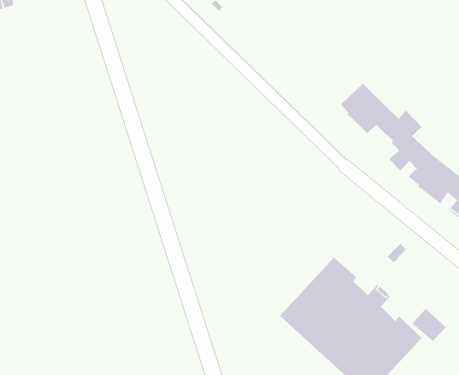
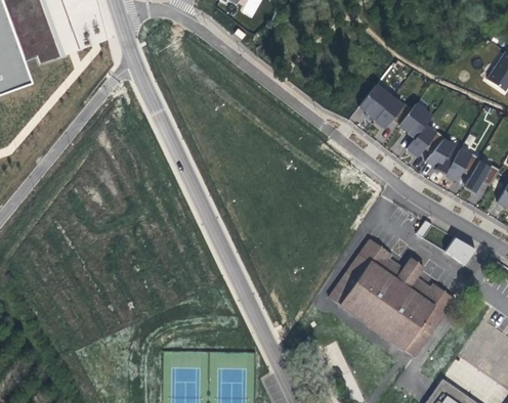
building: [412,308,447,342] -> [444,236,475,265]

